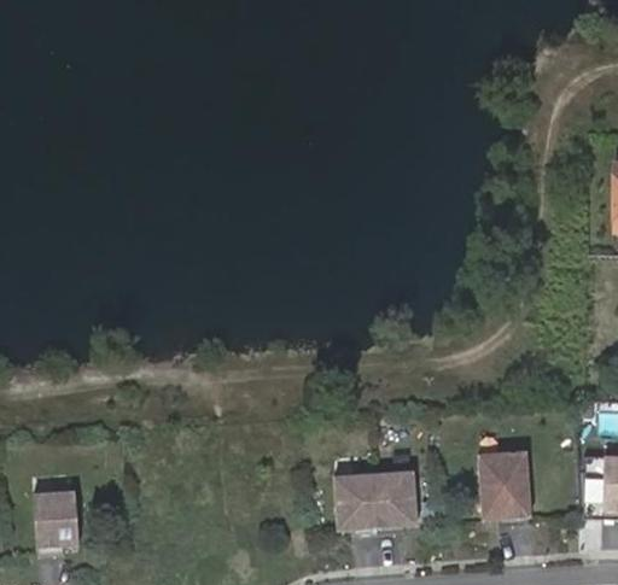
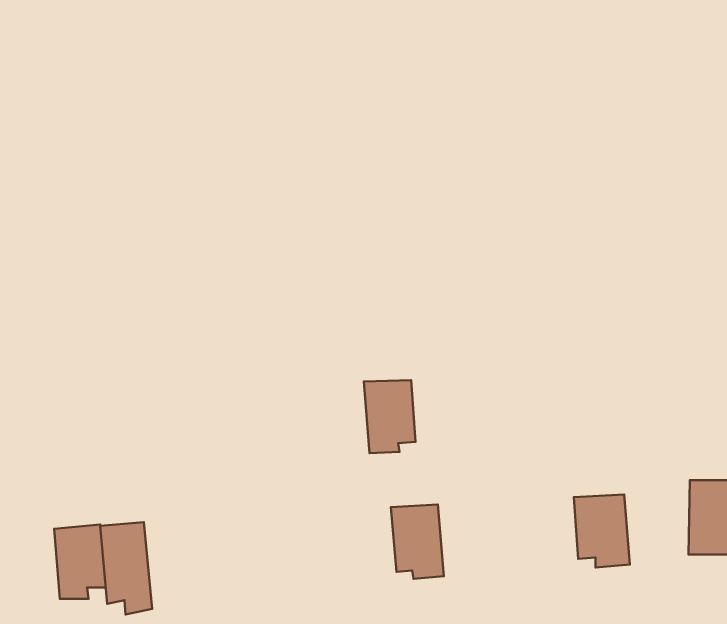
building: [371,468,414,530] -> [364,380,415,453]
building: none -> [100,522,152,615]

